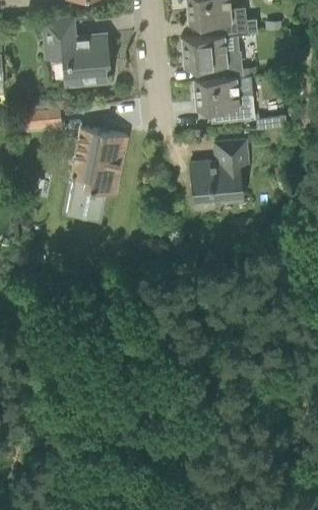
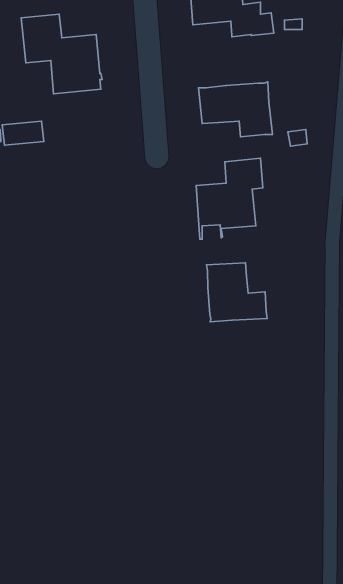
building: [181,34,244,77] -> none
building: [69,126,128,218] -> none
building: none -> [206,263,267,322]

